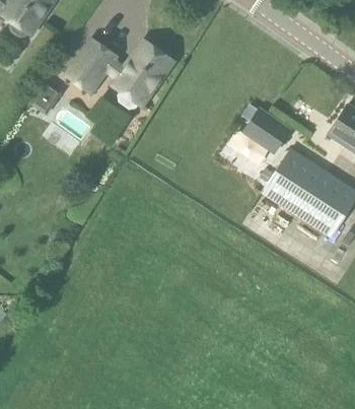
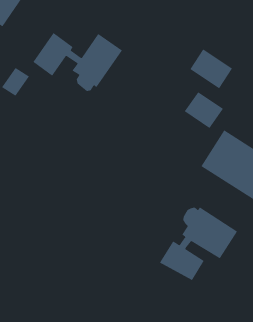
building: none -> [190,48,233,89]
building: none -> [159,207,238,281]

